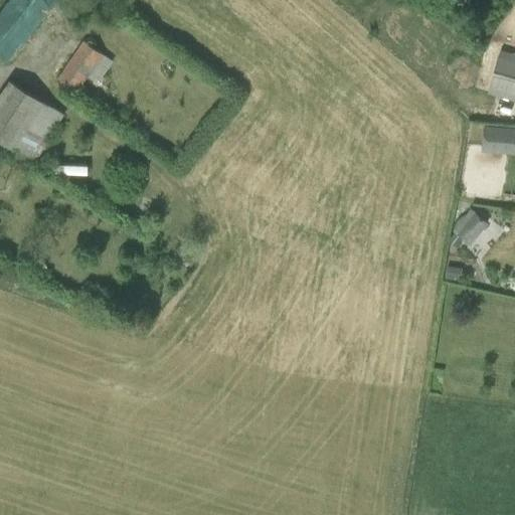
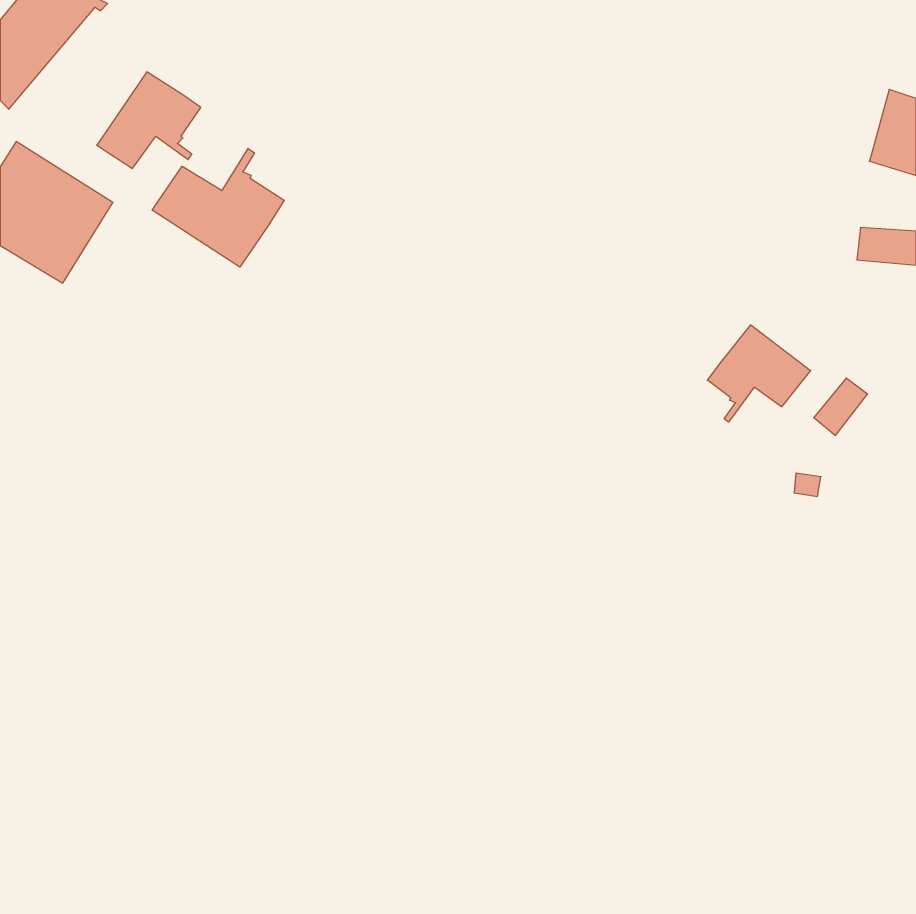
building: none -> [152,148,284,267]
building: none -> [707,325,811,422]

